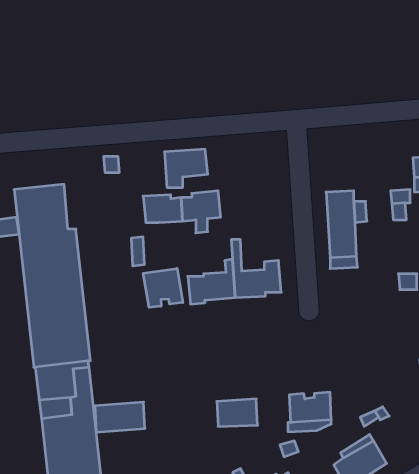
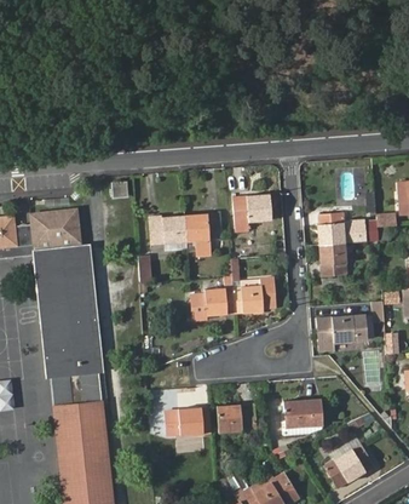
building: [164,149,208,187] -> [231,196,271,231]
building: [143,268,183,307] -> none
building: none -> [316,316,368,350]
building: [95,402,145,432] -> [165,408,211,436]

